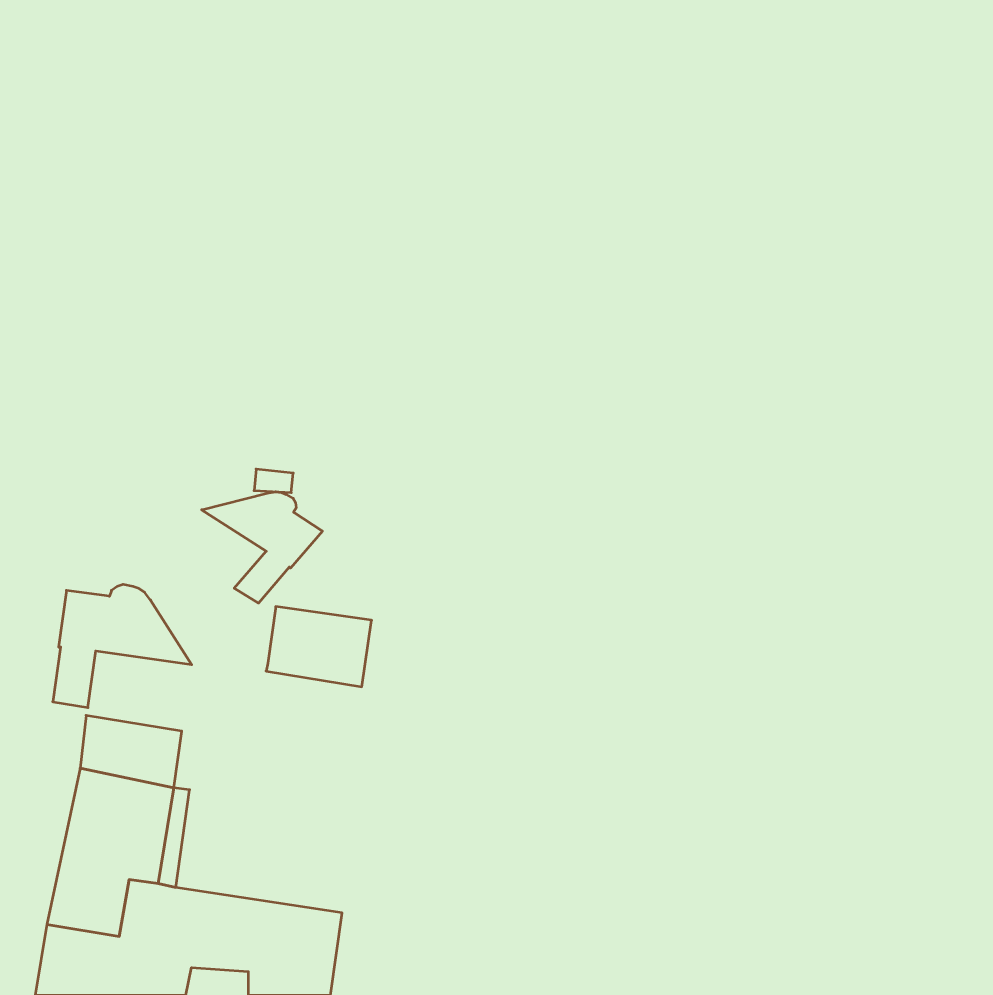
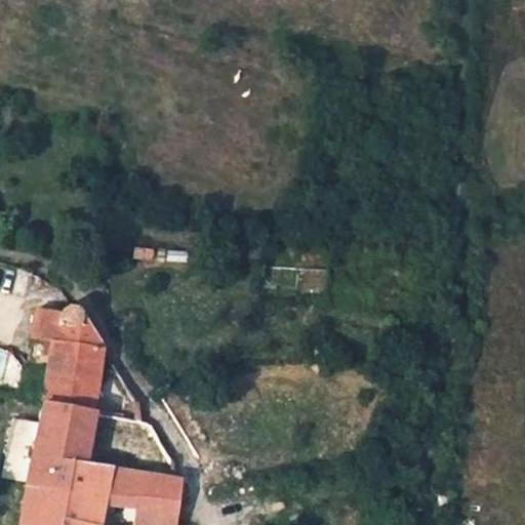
building: [202,492,322,603] -> none
building: [266,607,372,687] -> [48,341,104,383]

